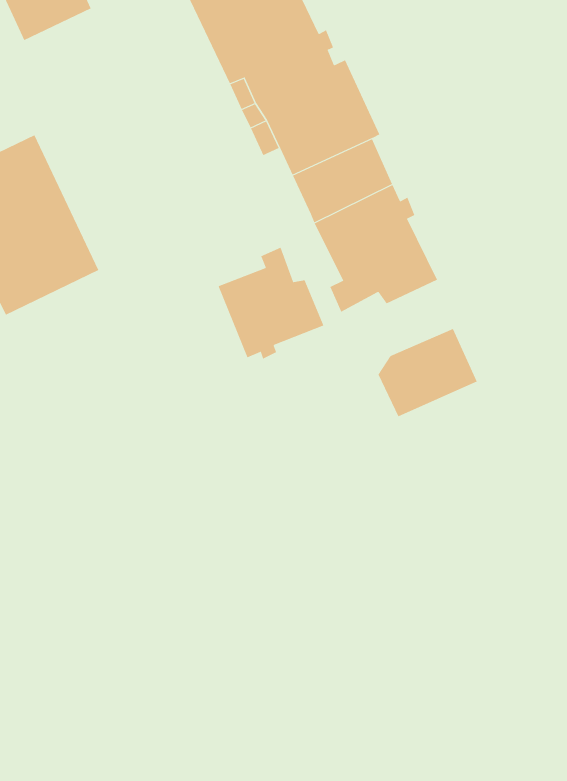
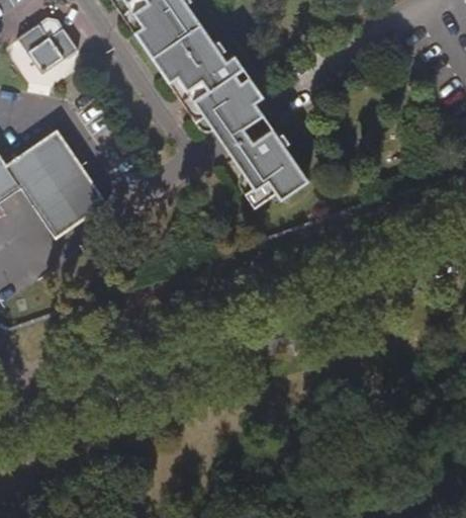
building: [218,247,324,359] -> none
building: [378,328,477,417] -> none

